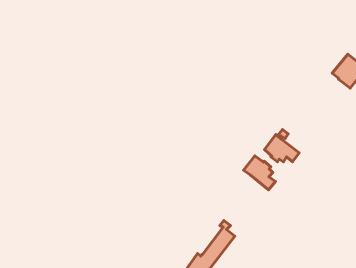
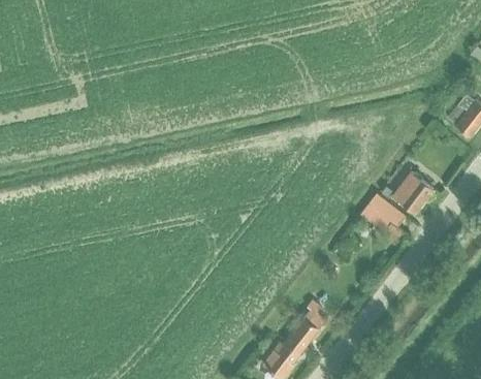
building: none -> [392,171,434,215]
building: [244,156,275,190] -> none

